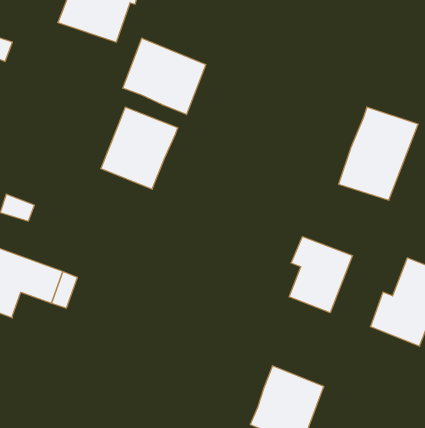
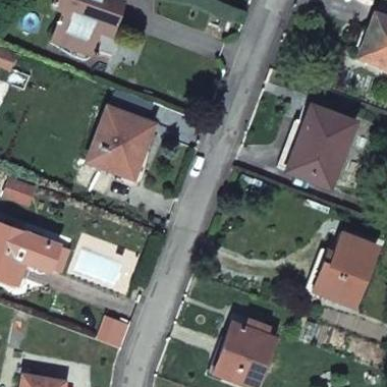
building: [123,38,206,115] -> none
building: [289,237,352,313] -> none

